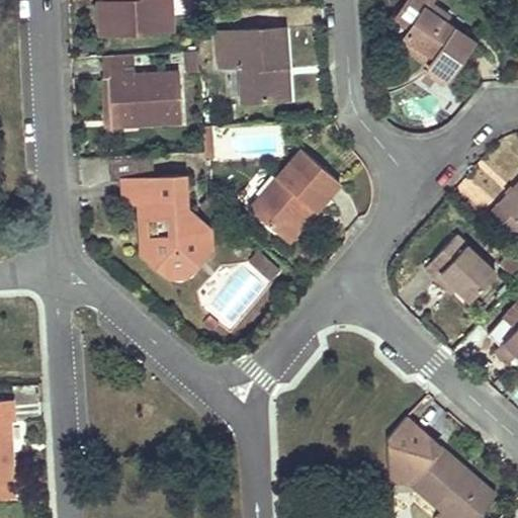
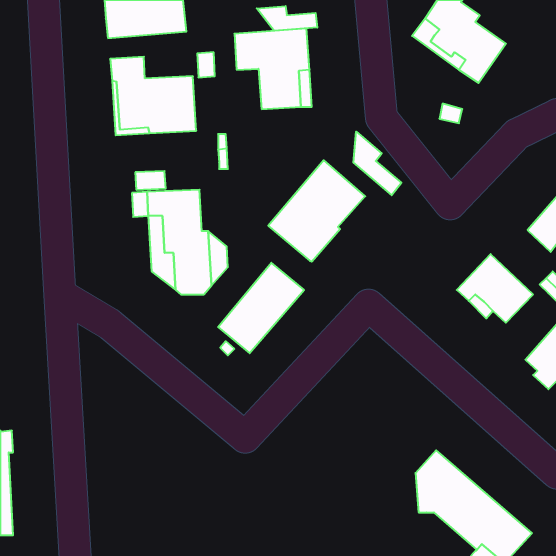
building: none -> [257,6,317,31]
building: none -> [353,132,401,195]

